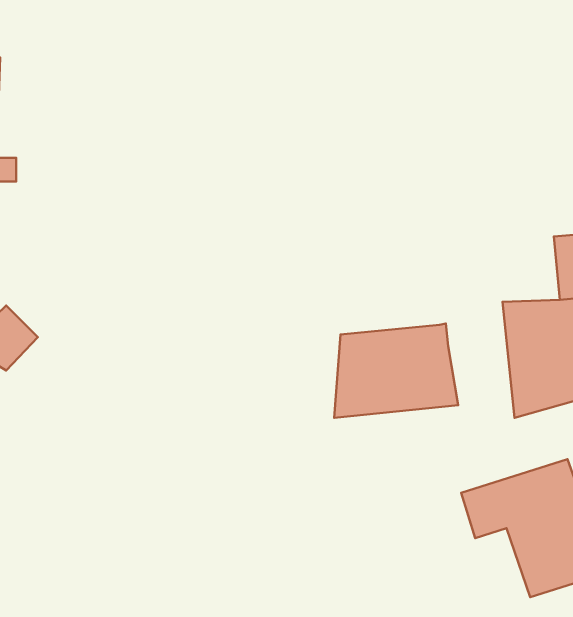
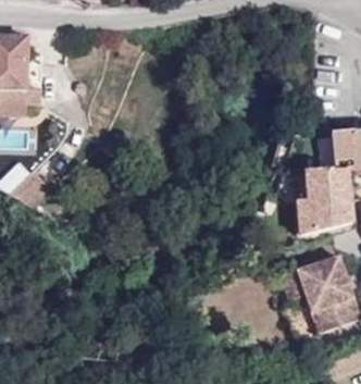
building: [334,324,458,418] -> none

